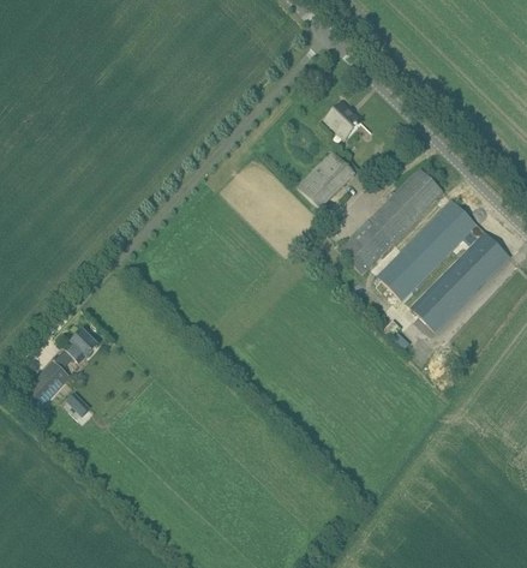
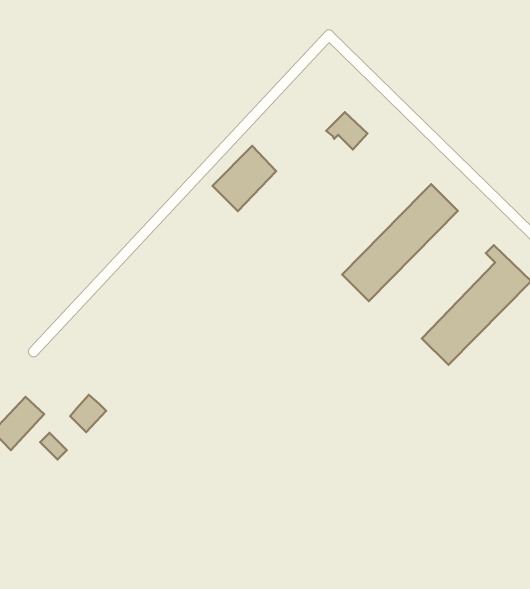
building: [298,151,355,210] -> [212,146,276,211]
building: [377,201,477,303] -> none
building: [66,330,98,364] -> [70,395,106,432]

